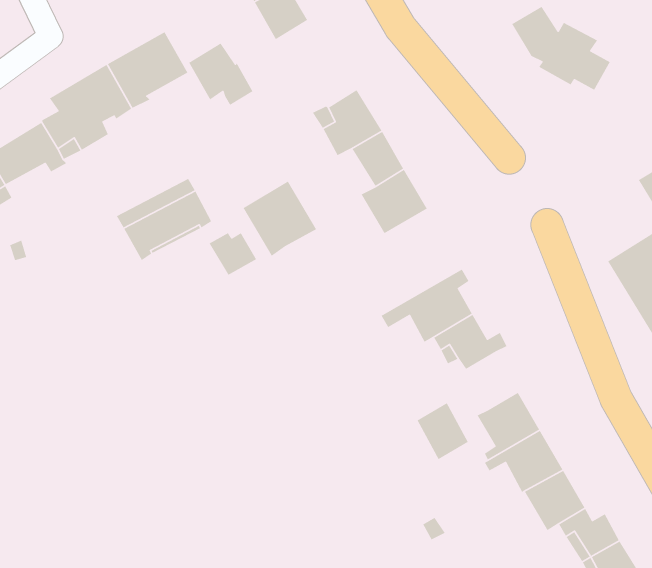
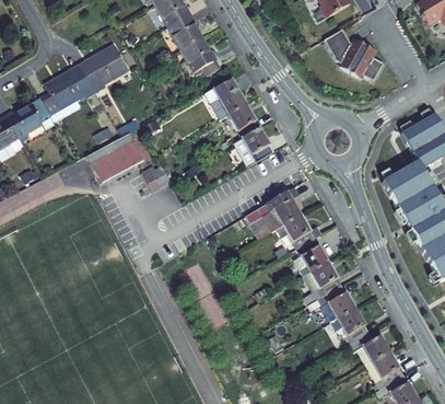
building: [188,43,253,106] -> [181,37,221,76]
building: [242,181,317,257] -> none
building: [416,402,469,460] -> [296,238,328,273]

